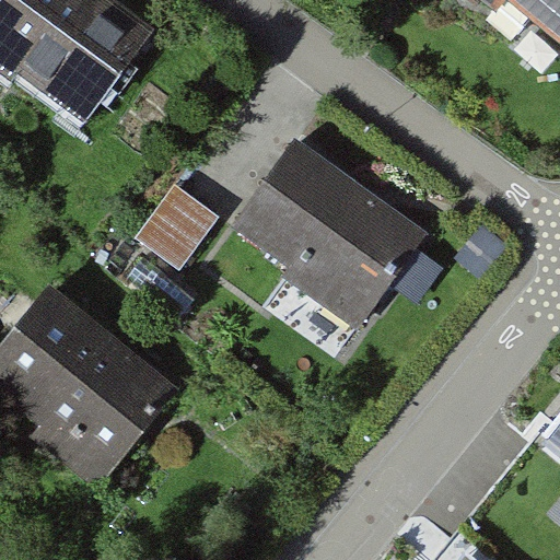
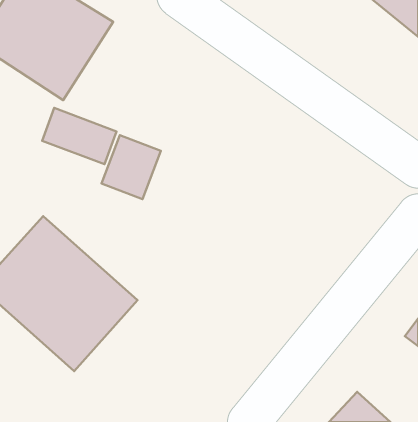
building: [229,141,422,324] -> none
building: none -> [42,108,116,164]

